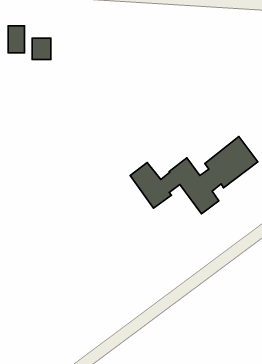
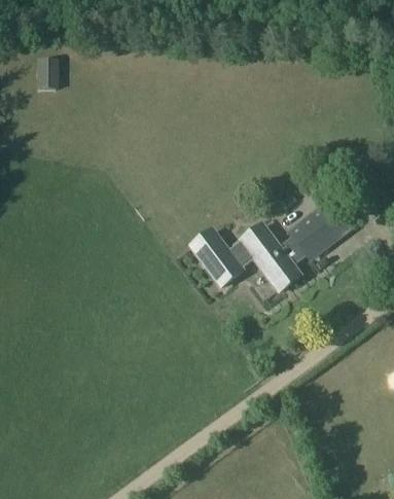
building: [32,38,51,60] -> none

